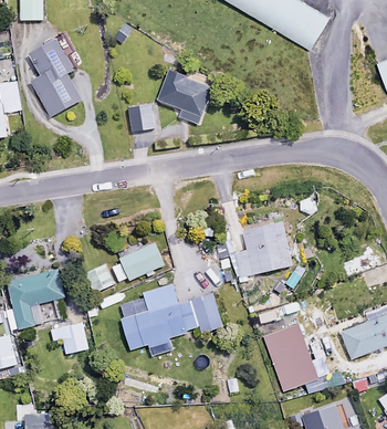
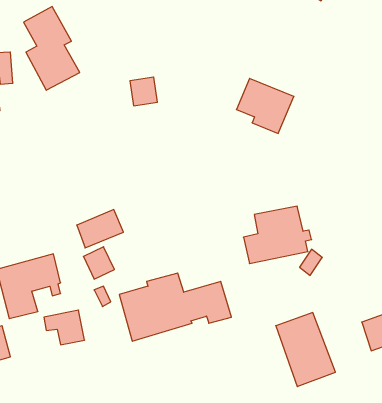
building: [158,72,211,123] -> [236,78,294,133]
building: [121,244,164,280] -> [77,210,123,248]

